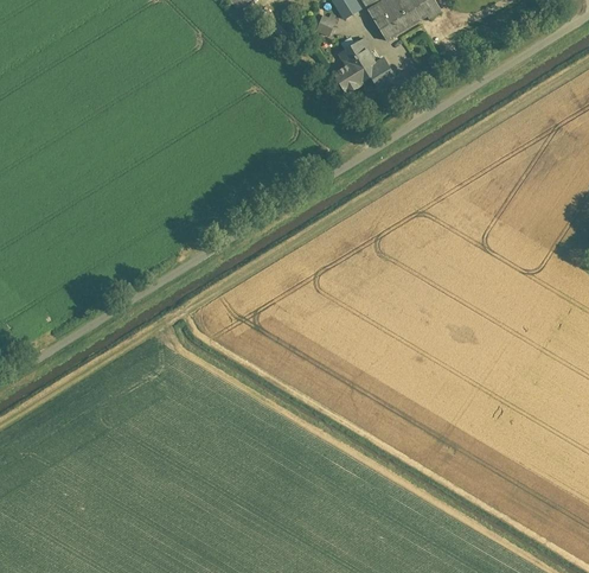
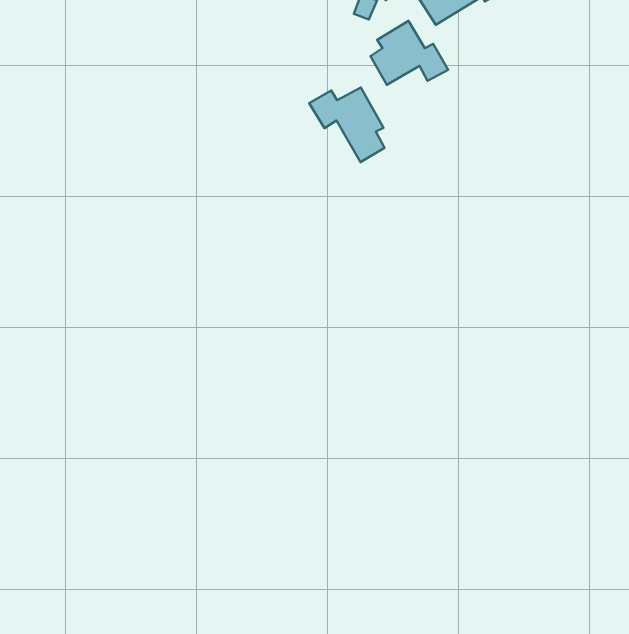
building: none -> [309,87,385,162]

